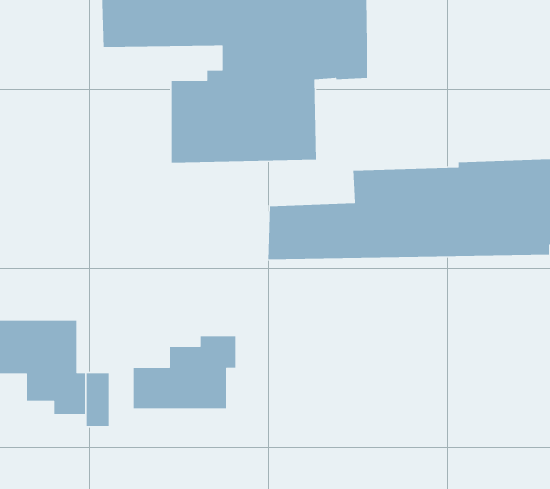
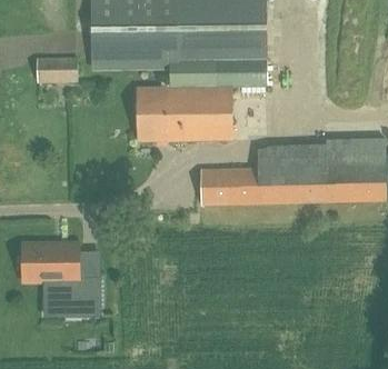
building: none -> [37,57,77,82]
building: [133,335,236,409] -> none

